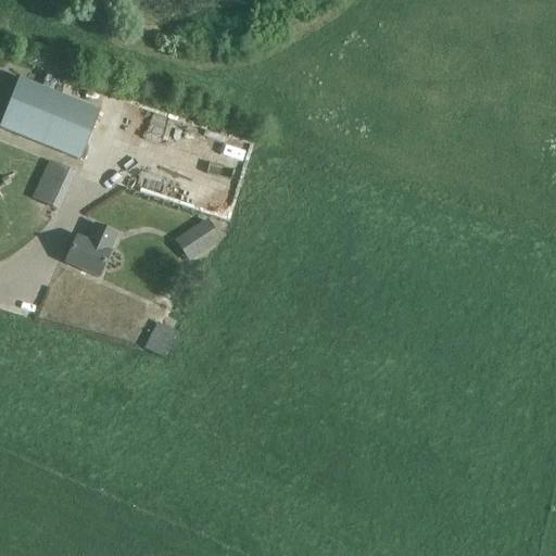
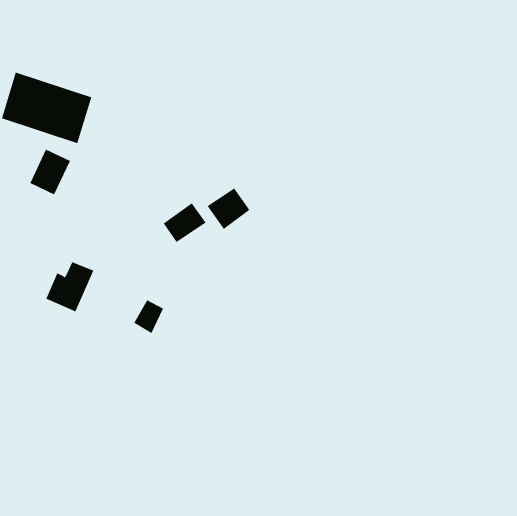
building: none -> [207,188,250,230]
building: [65,223,117,277] -> [46,261,94,312]

